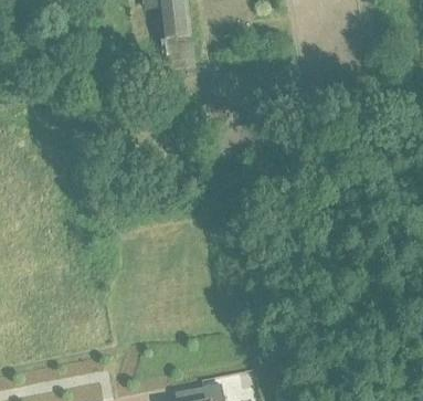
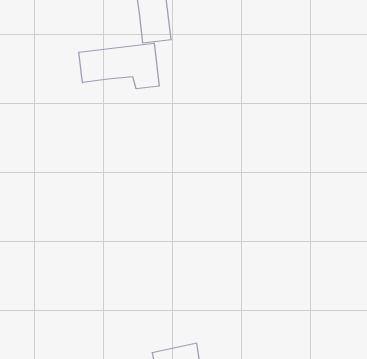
building: none -> [79,43,159,89]

